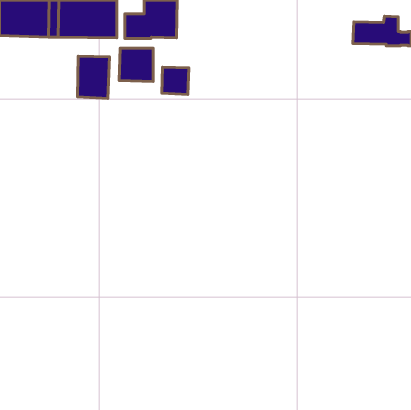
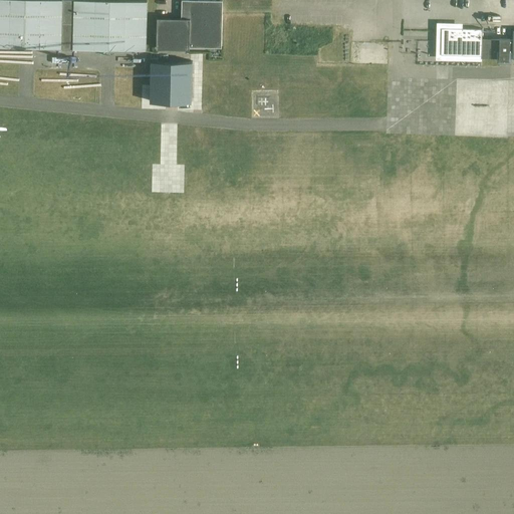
building: [77,56,109,99] -> none
building: [162,67,189,94] -> none

